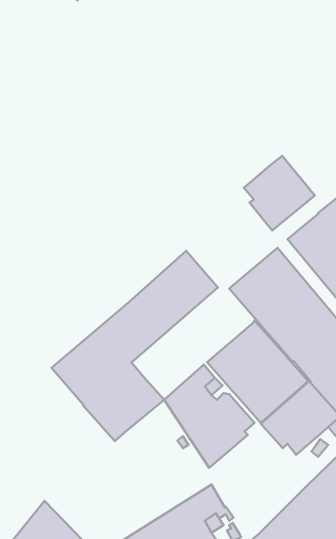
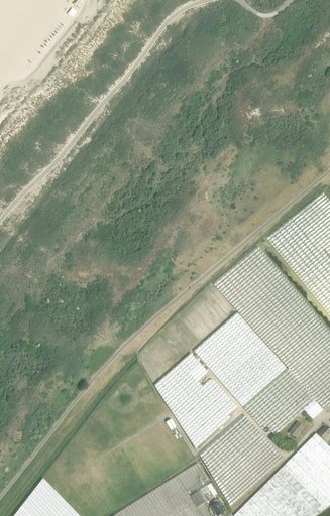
building: [244,156,315,230] -> none
building: [52,251,218,441] -> none
building: none -> [200,415,284,507]

